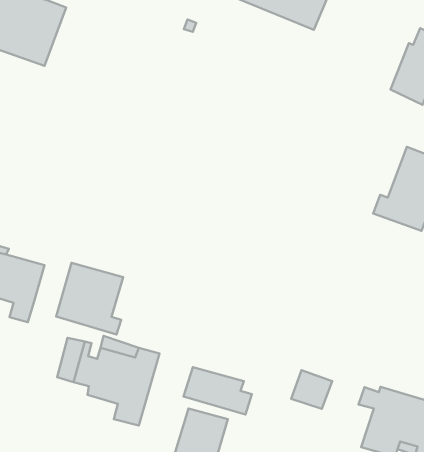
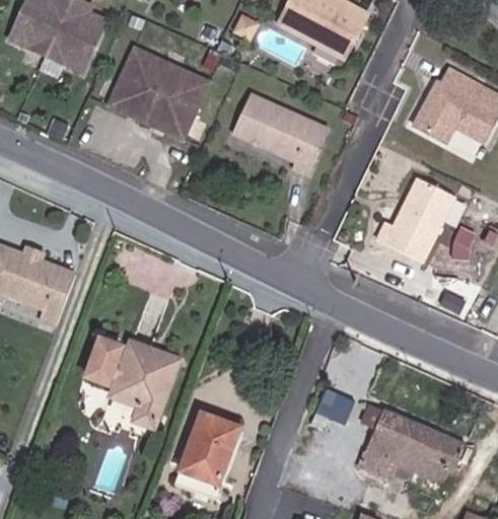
building: none -> [119,50,215,138]
building: none -> [242,98,337,179]
building: [56,263,123,334] -> none
building: [183,367,252,415] -> none

